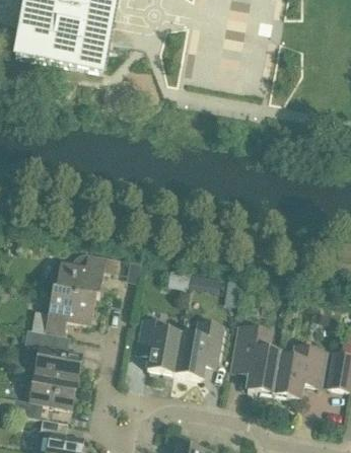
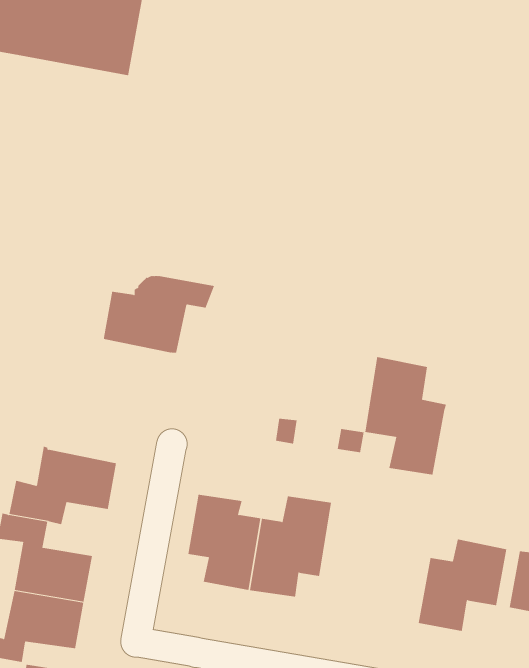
building: [55,255,121,301] -> [103,276,215,353]
building: [232,325,281,395] -> [364,356,447,475]

